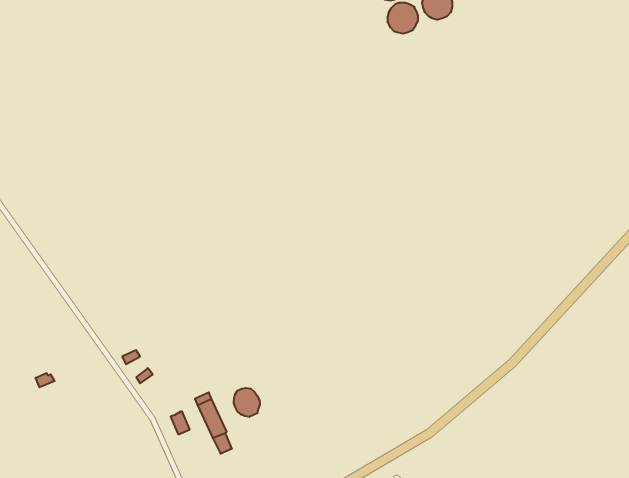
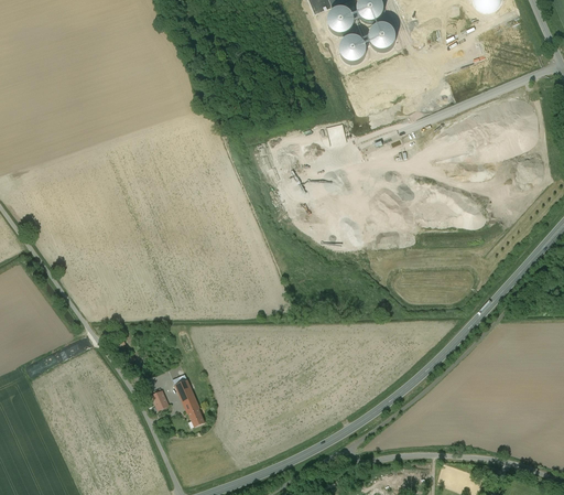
building: [234,388,260,417] -> none

